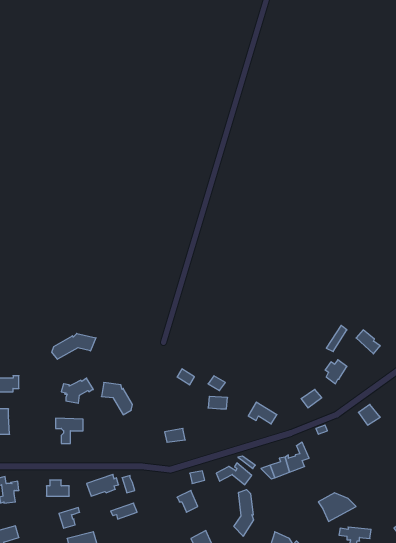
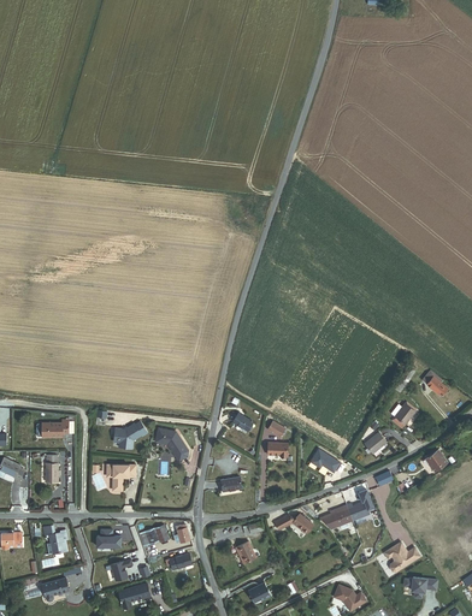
building: [52,333,96,359] -> none
building: [234,490,253,536] -> none

